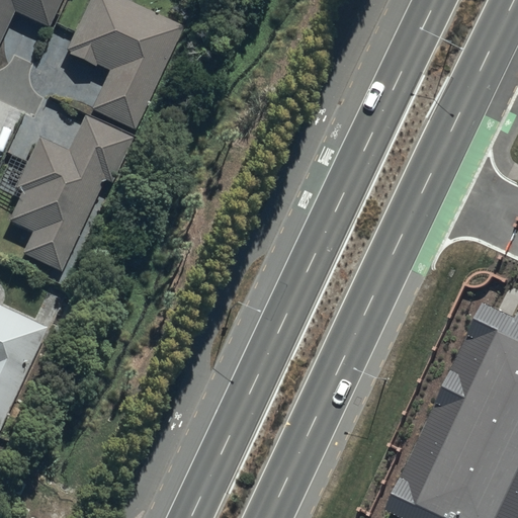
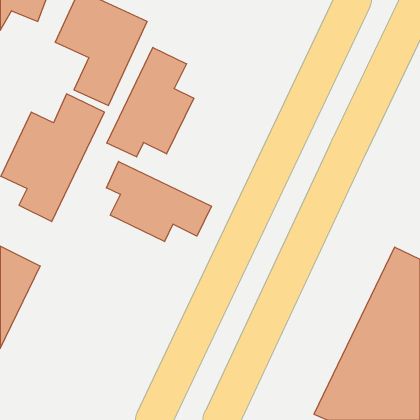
building: none -> [107,47,194,157]
building: none -> [106,161,211,242]

